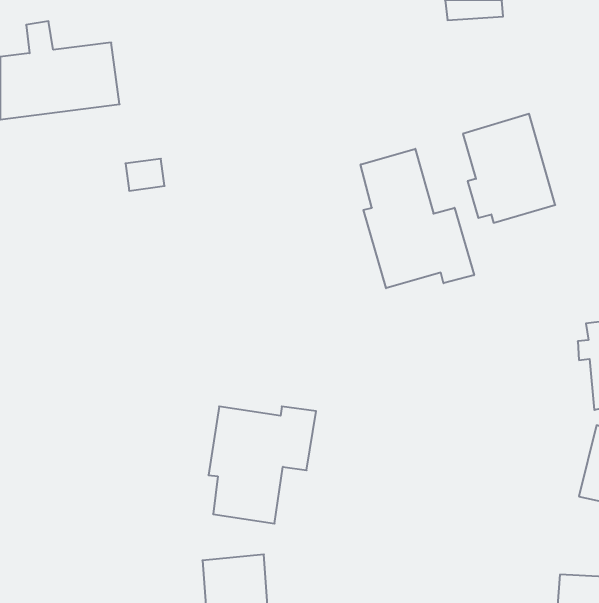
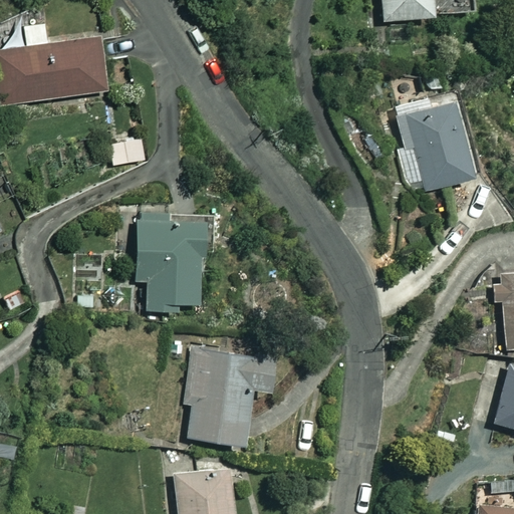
building: [361,149,474,288] -> none
building: none -> [138,217,214,311]

